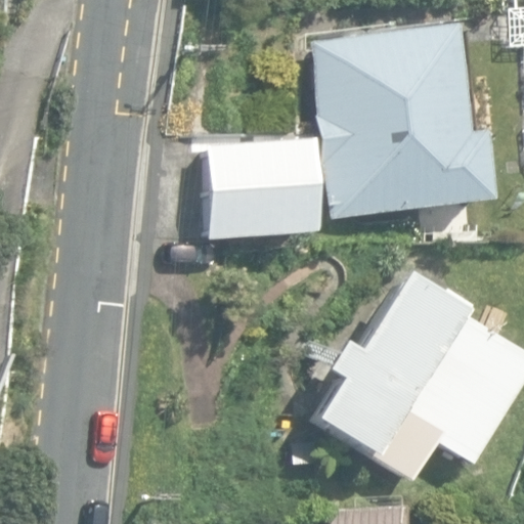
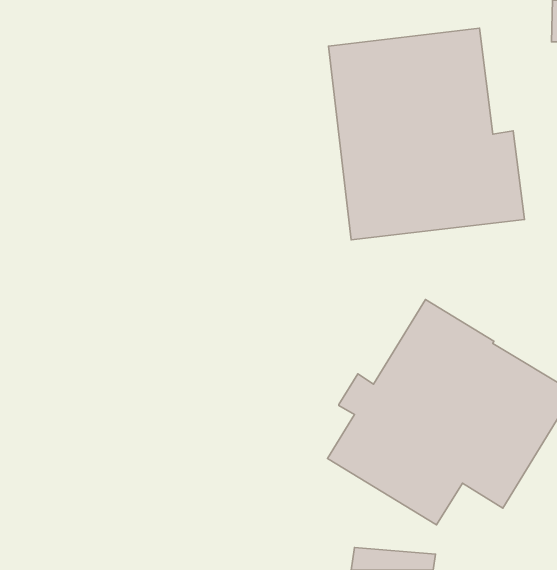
building: [207,141,302,238] -> none

